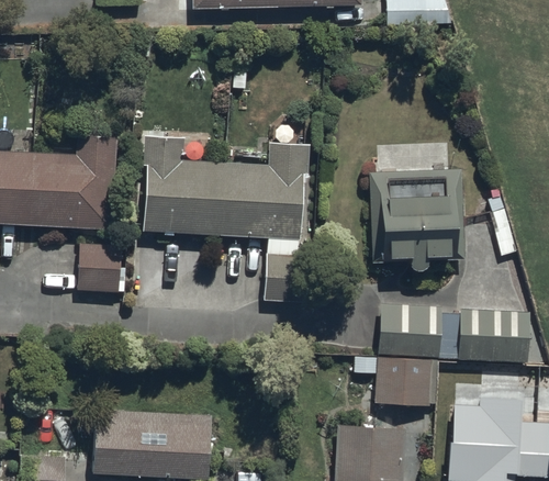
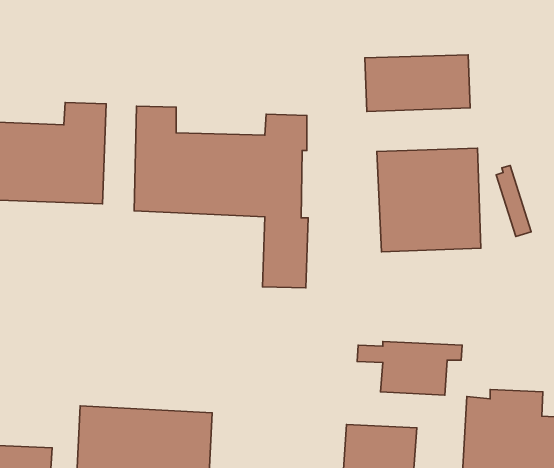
building: none -> [365,55,470,112]
building: [76,239,120,290] -> none
building: [376,301,526,359] -> none

